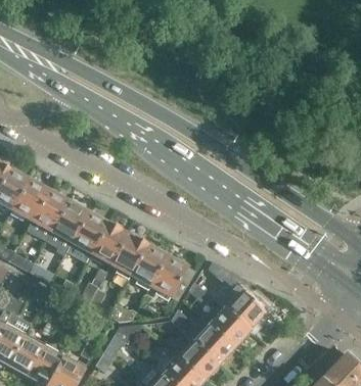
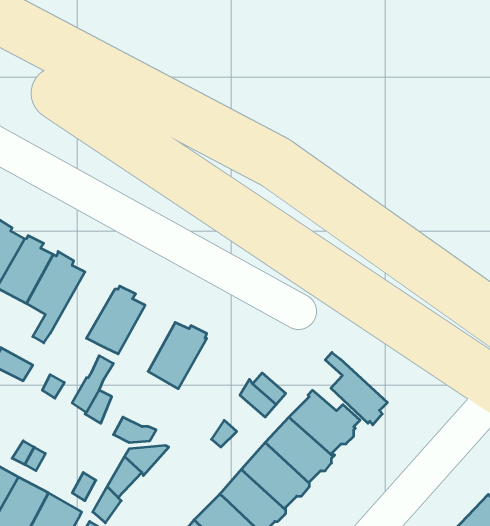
building: [64,209,106,261] -> none
building: [108,233,146,276] -> none
building: [147,254,194,298] -> none
building: none -> [325,352,387,425]

